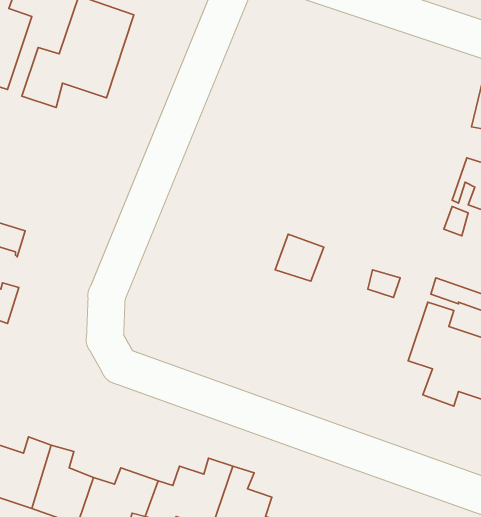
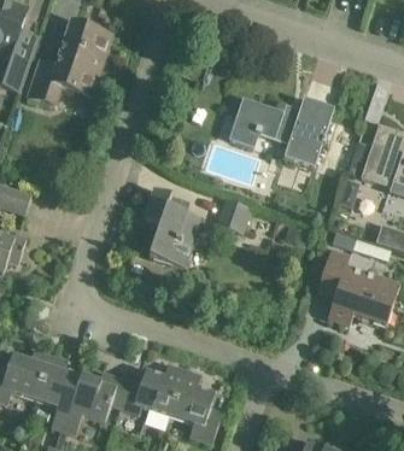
building: none -> [229,98,333,166]
building: none -> [144,189,198,268]

